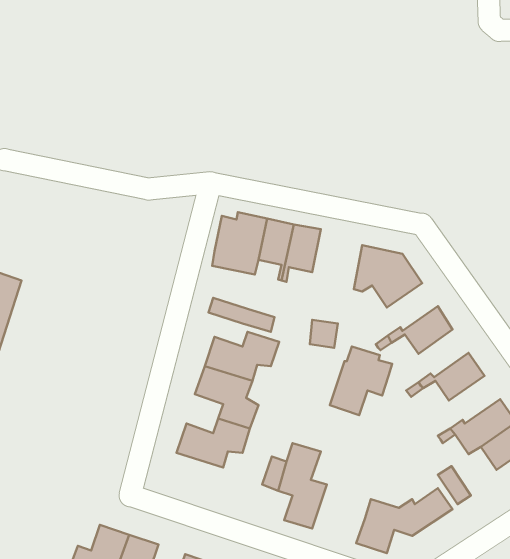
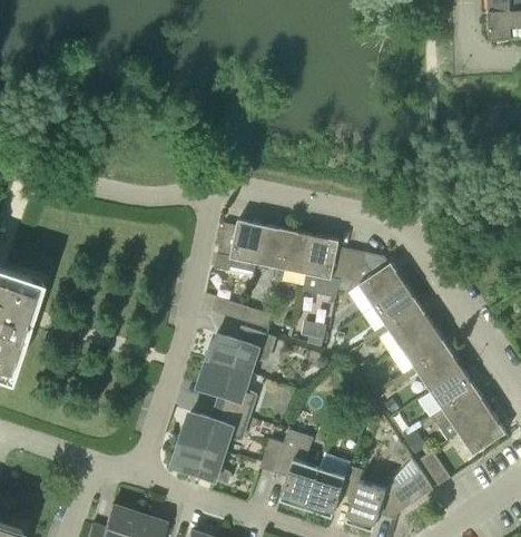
building: none -> [305,235,351,290]
building: none -> [373,284,420,328]
building: none -> [402,326,448,370]
building: [330,347,392,415] -> [305,455,362,517]
building: none -> [430,369,476,412]
building: none -> [173,439,229,482]

